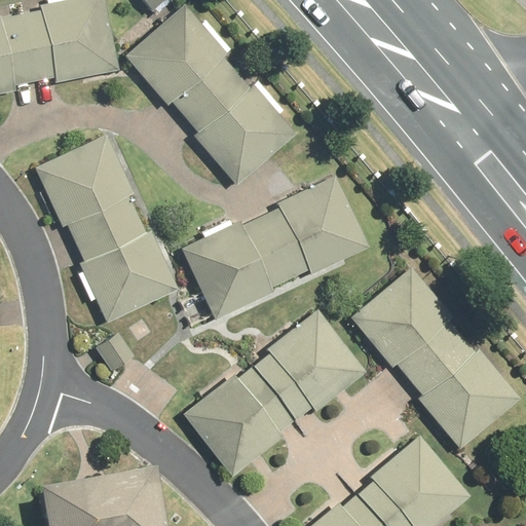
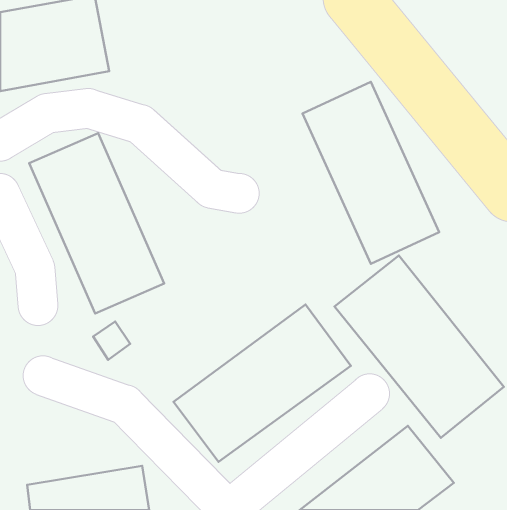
building: [124,5,298,187] -> none
building: none -> [302,82,439,264]
building: [180,176,371,318] -> none

